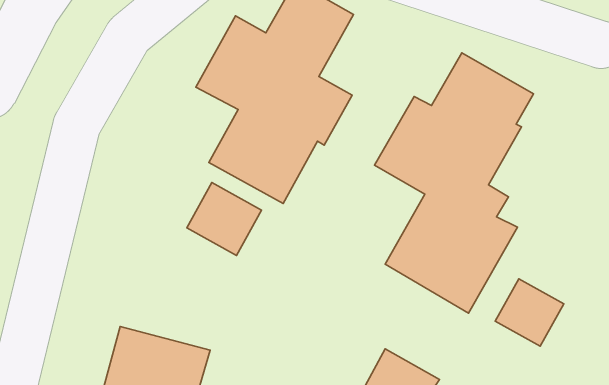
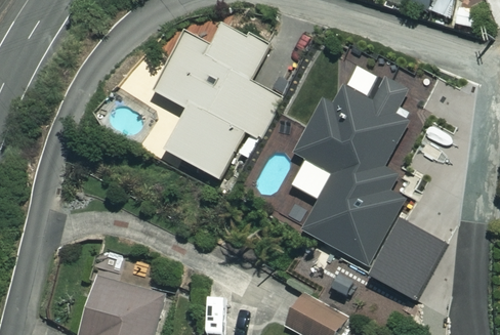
building: [187,183,262,255] -> none

